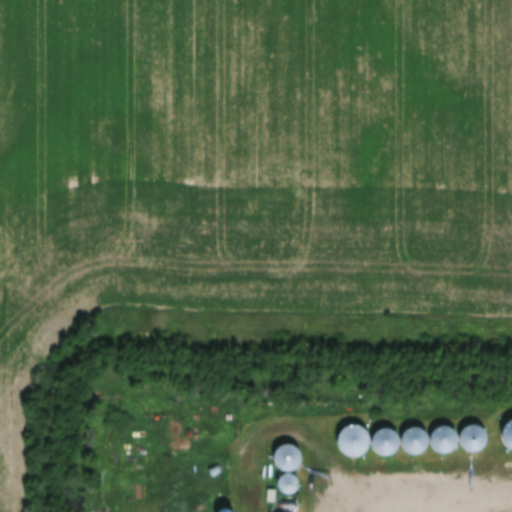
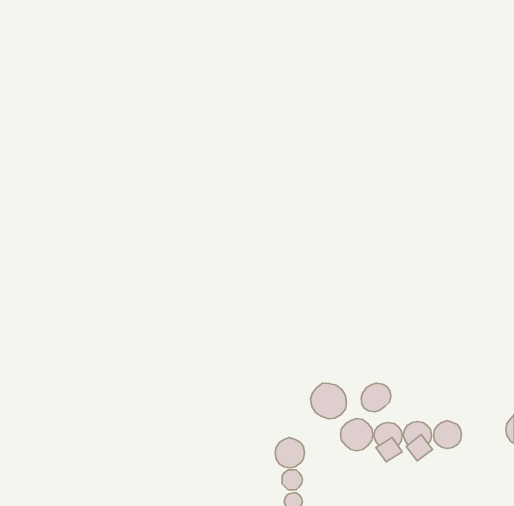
building: none -> [361,383,391,412]
building: none -> [310,383,347,419]
building: [459,426,487,453] -> none

